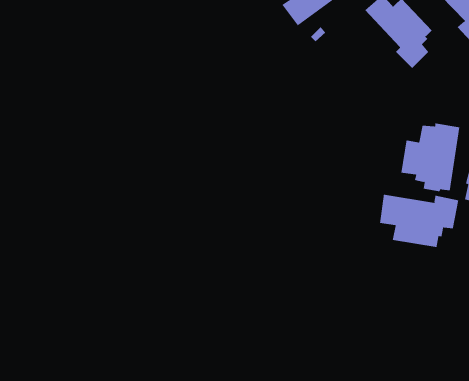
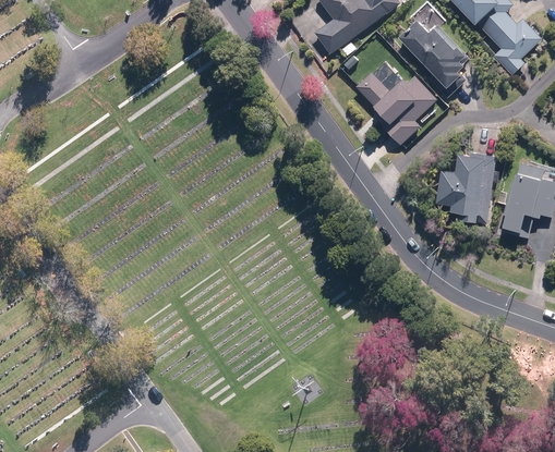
building: none -> [355,72,436,144]
building: [379,194,459,248] -> none

